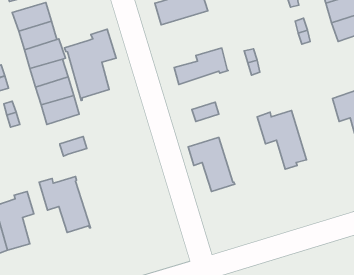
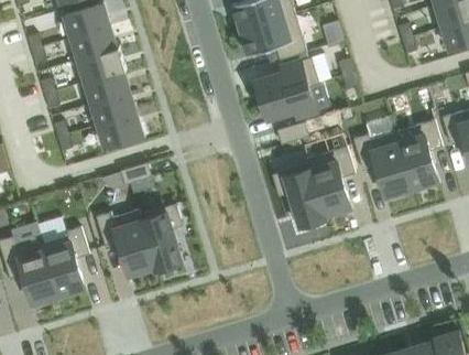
building: none -> [239,14,305,61]
building: [65,29,116,101] -> none
building: none -> [260,86,315,120]
building: none -> [393,120,441,191]
building: none -> [305,147,355,217]
building: none -> [138,204,182,271]

